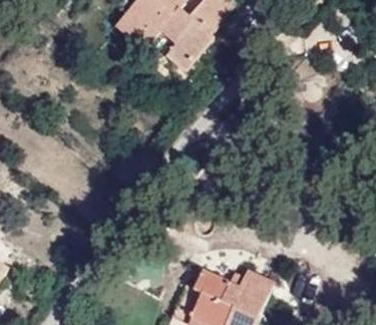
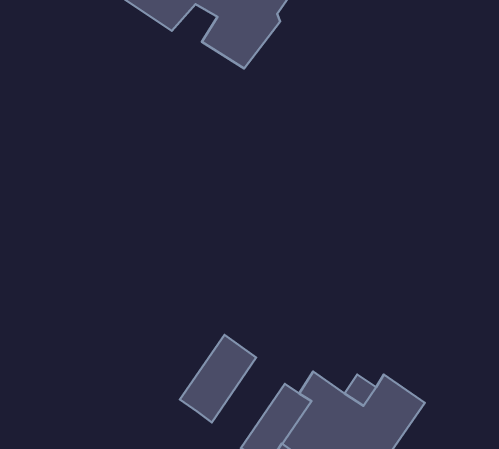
building: none -> [180,335,256,422]

